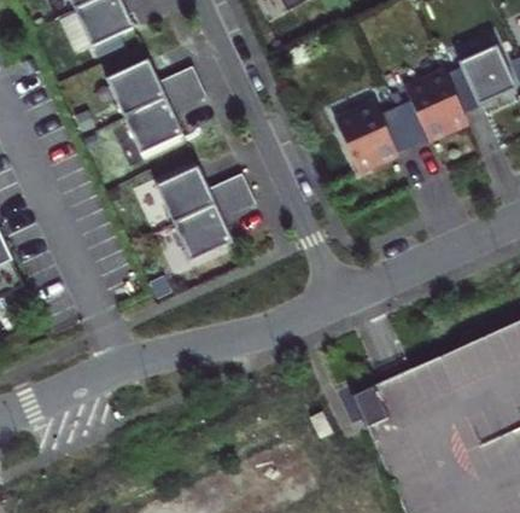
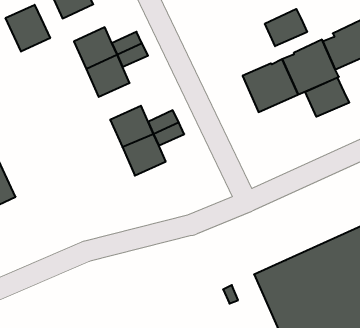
building: none -> [6,5,50,52]
building: none -> [265,9,307,46]
building: none -> [305,77,349,117]

